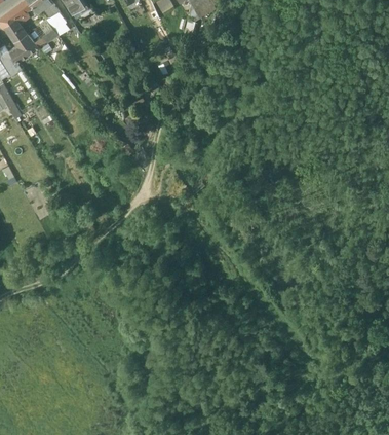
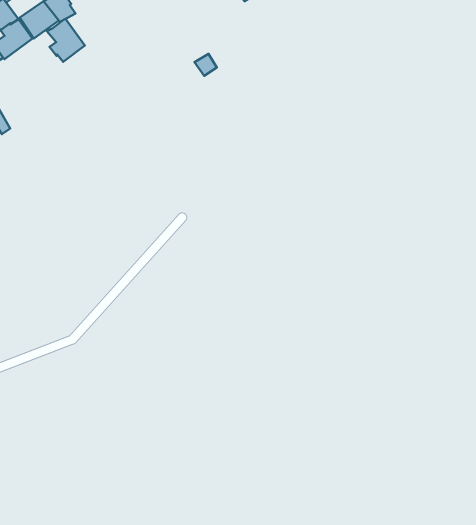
building: none -> [47,19,85,62]

